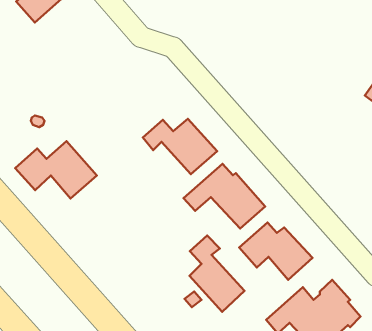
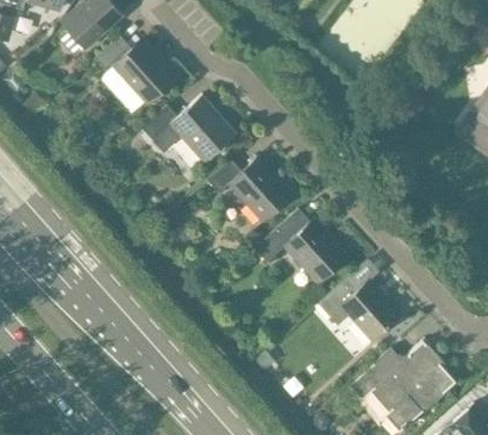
building: none -> [94,37,175,105]
building: [15,141,97,199] -> [142,99,234,164]
building: [189,235,244,312] -> none

